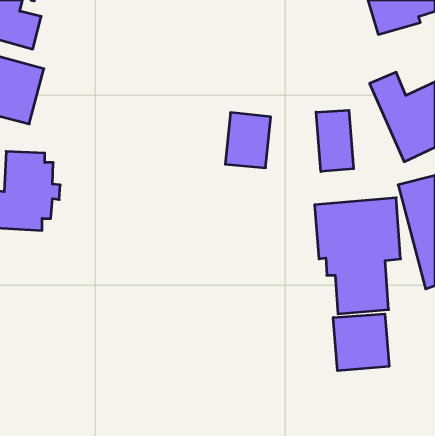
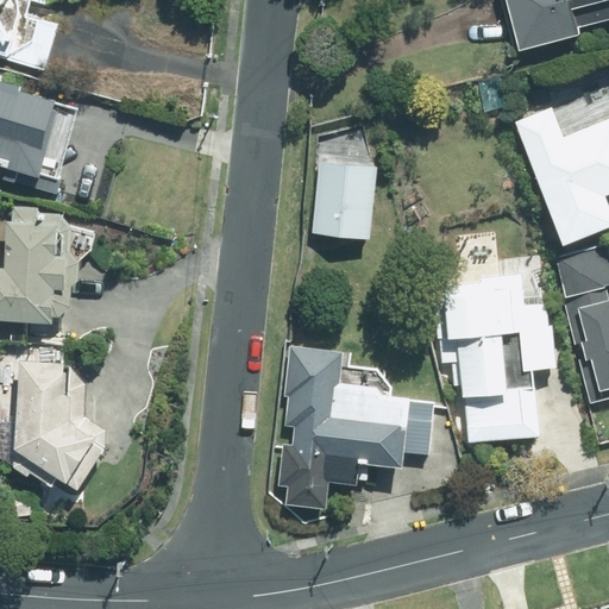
building: [316,110,354,172] -> none
building: none -> [278,354,413,507]
building: none -> [19,363,109,490]
building: [333,314,389,371] -> none

